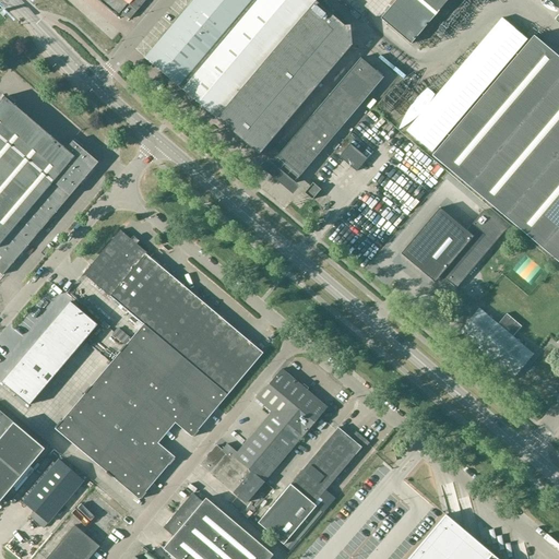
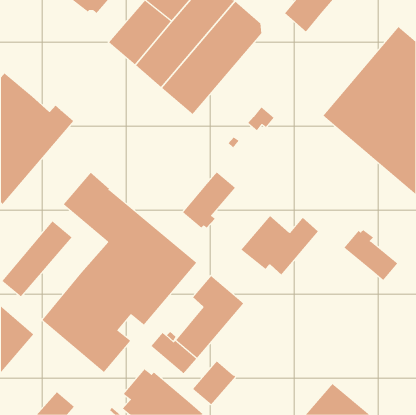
building: [406,17,527,152] -> none
building: [272,58,384,183] -> none
building: [401,207,506,288] -> [241,215,319,275]
building: none -> [182,172,236,229]
building: [290,428,369,503] -> none
building: [25,461,85,523] -> none

